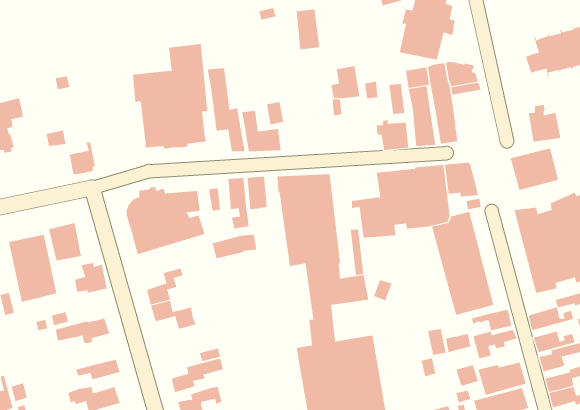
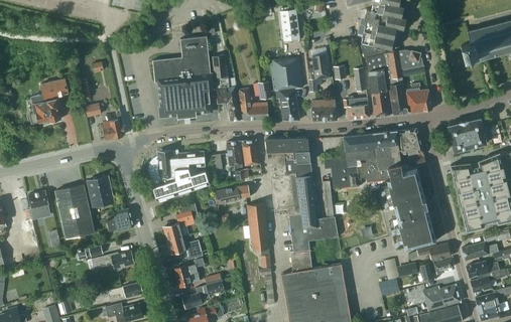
building: none -> [270,56,302,120]
building: [528,105,561,142] -> [406,83,432,112]
building: none -> [310,99,337,120]
building: none -> [247,202,270,267]
building: none -> [174,264,200,287]

